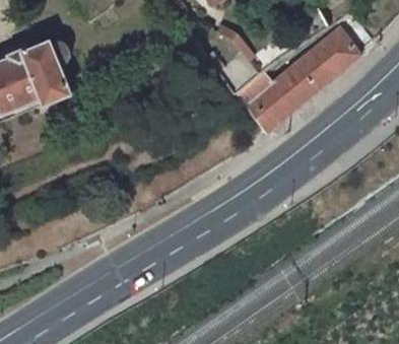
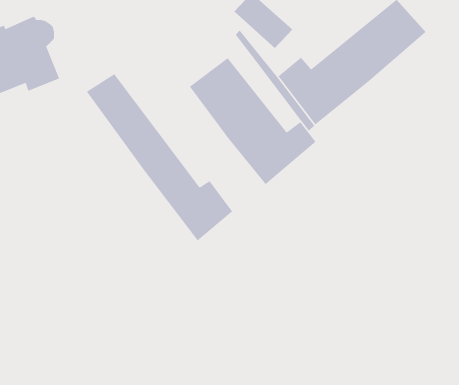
building: none -> [189,57,316,185]
building: none -> [86,73,233,242]

